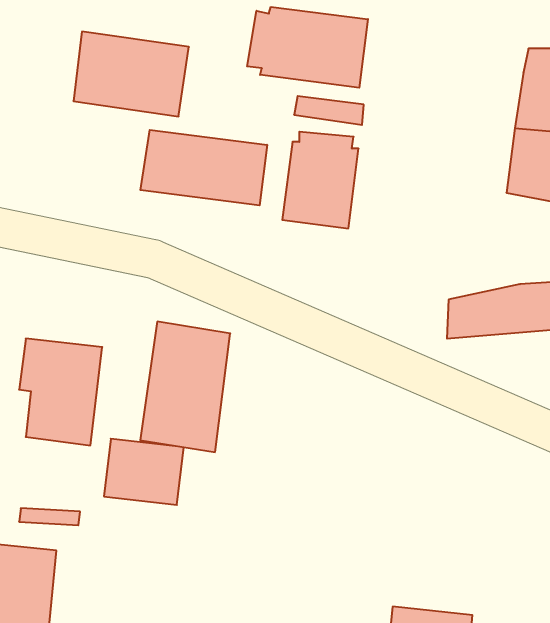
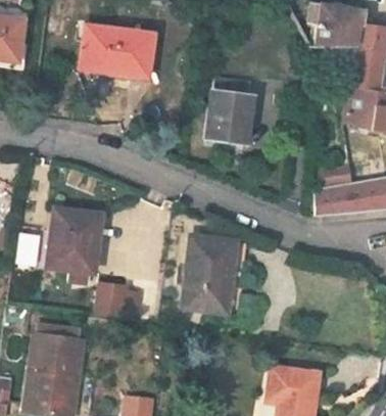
building: [247,7,368,88] -> none
building: none -> [311,15,356,50]
building: [140,130,267,205] -> none
building: [140,322,230,452] -> [184,238,238,317]

